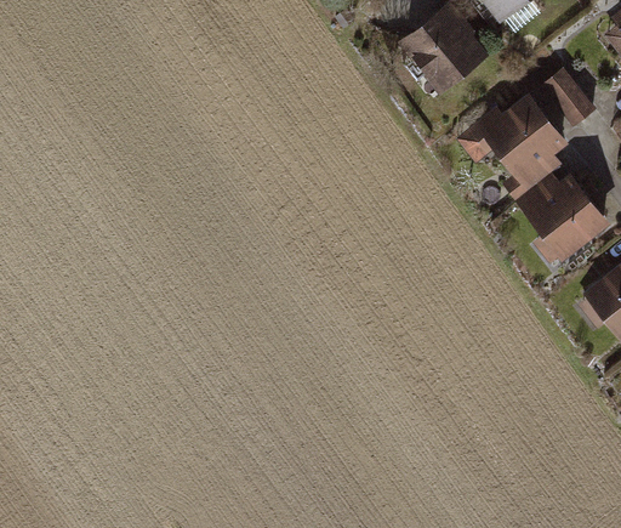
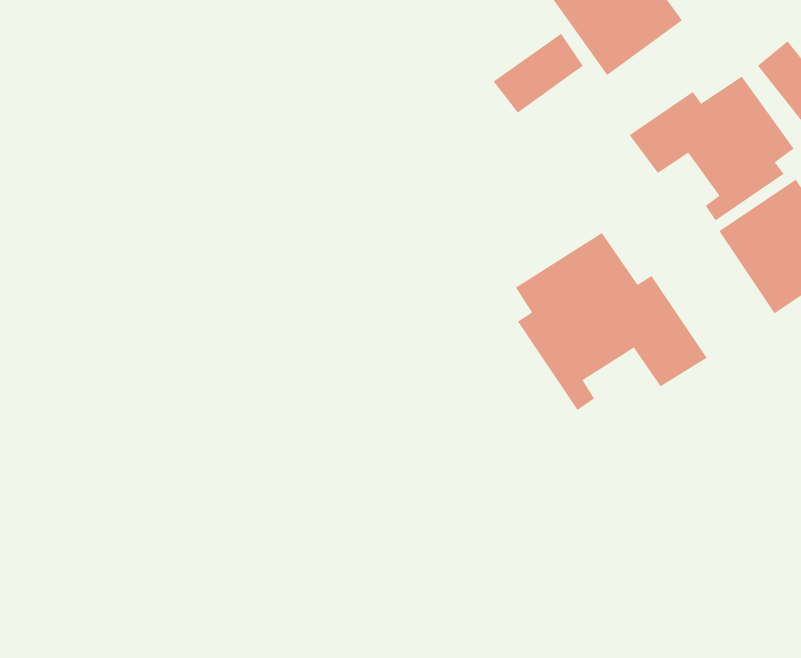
building: none -> [493,33,584,113]
building: none -> [515,232,708,411]

